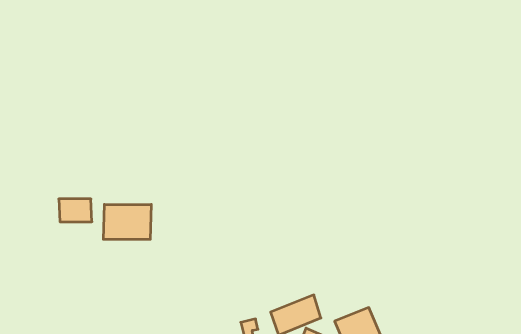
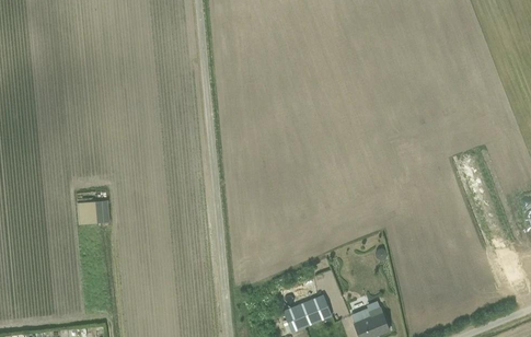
building: [103,204,151,239] -> none

